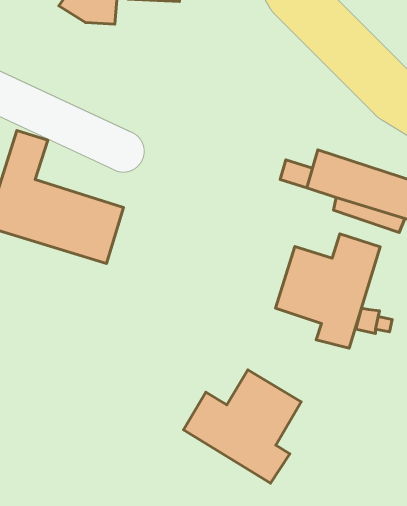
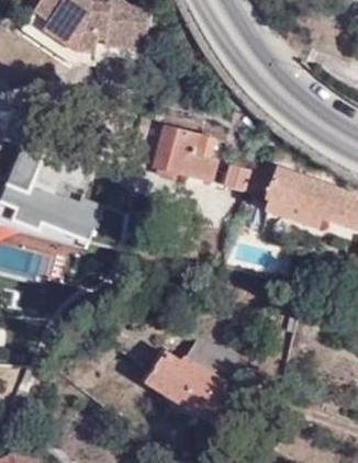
building: none -> [127,121,215,181]
building: [276,234,380,348] -> none

